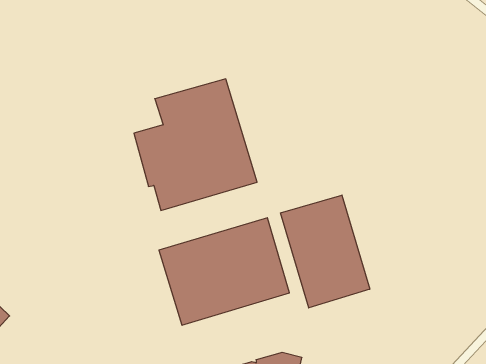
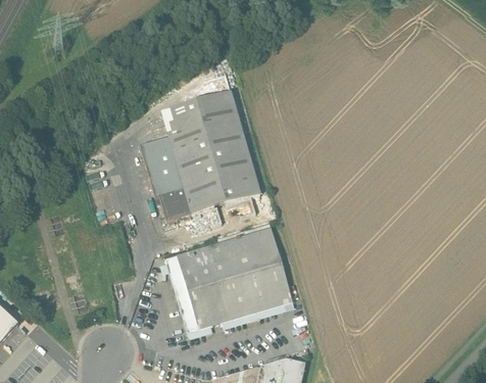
building: [280,195,370,308] -> none

